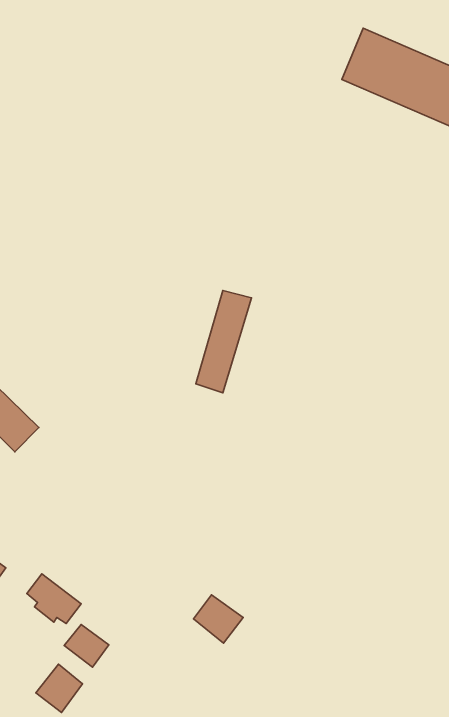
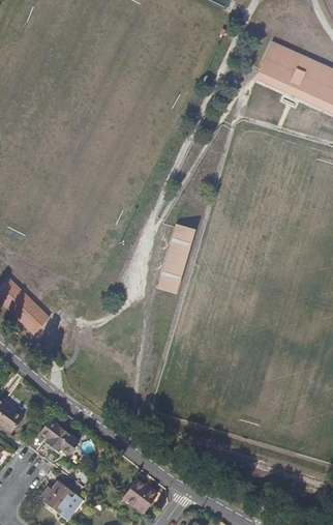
building: [193,595,243,643] -> [125,478,159,512]
building: [64,624,109,667] -> none

